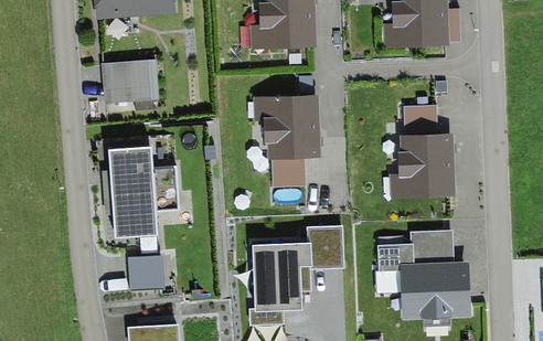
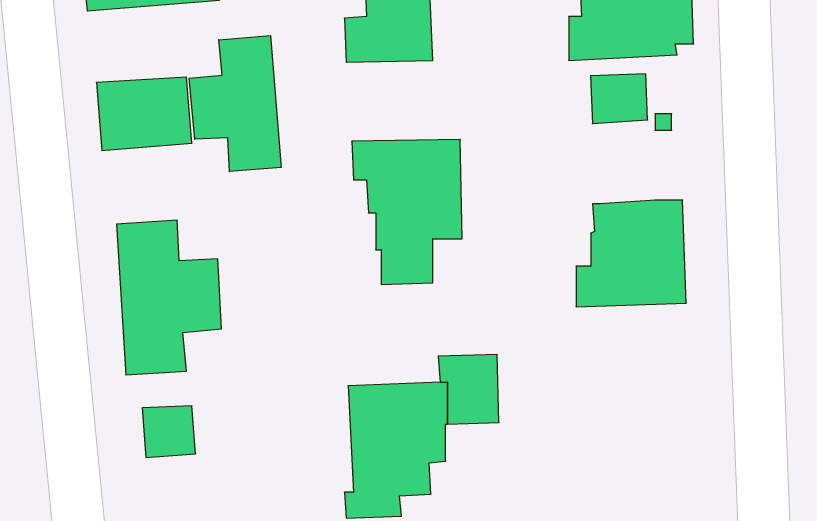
building: none -> [189,36,281,172]
building: [402,106,436,136] -> [591,74,648,124]
building: [379,231,469,318] -> none

